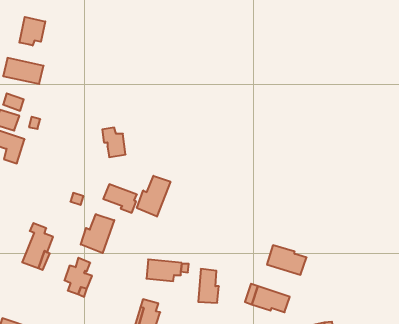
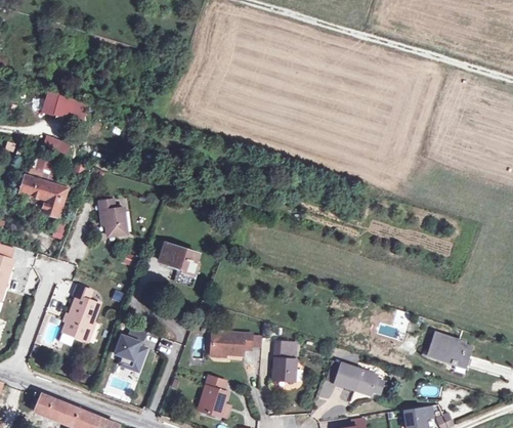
building: [19,17,45,46] -> none
building: [102,128,126,157] -> [99,204,127,239]
building: [137,176,170,217] -> none
building: [81,214,114,253] -> none
building: [267,245,307,275] -> [427,332,474,367]

